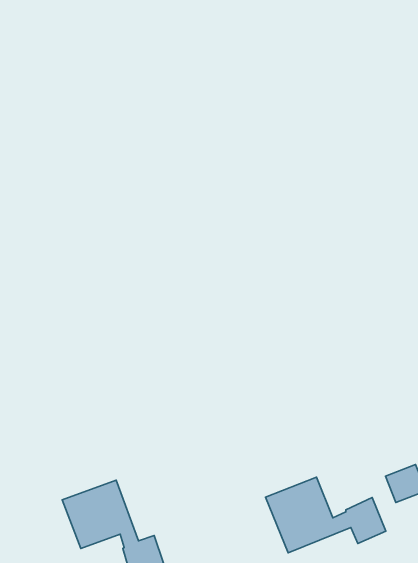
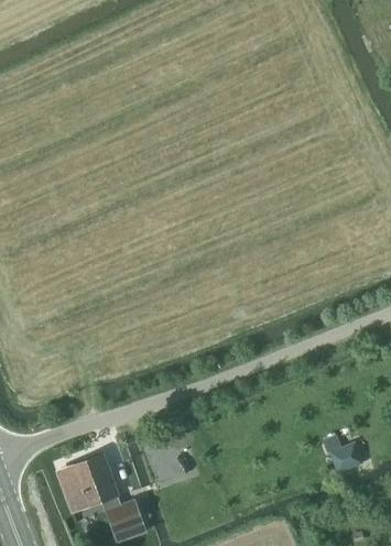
building: [266,477,386,553] -> none

